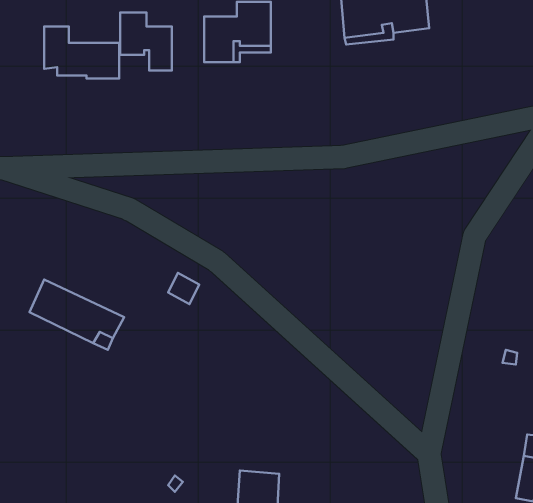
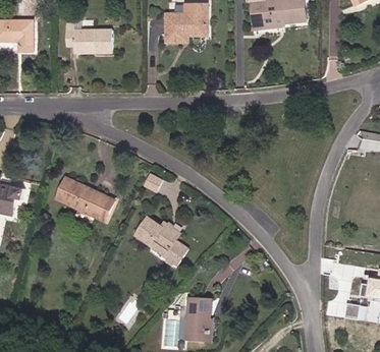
building: [120,12,172,70] -> none
building: none -> [133,217,186,265]

